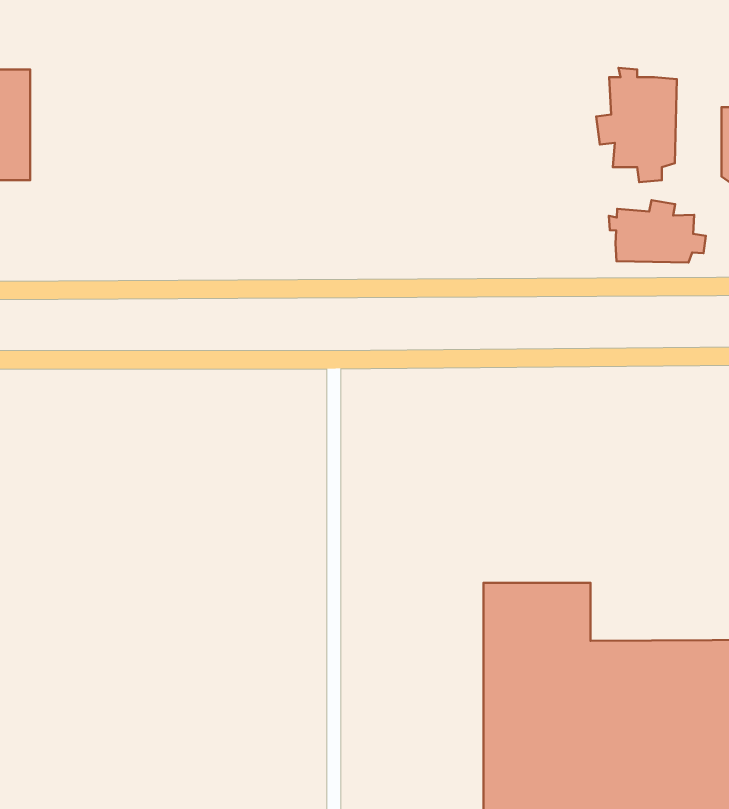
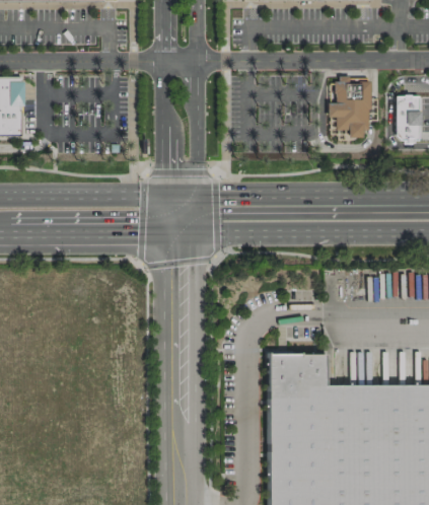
building: [609,200,706,263] -> none

